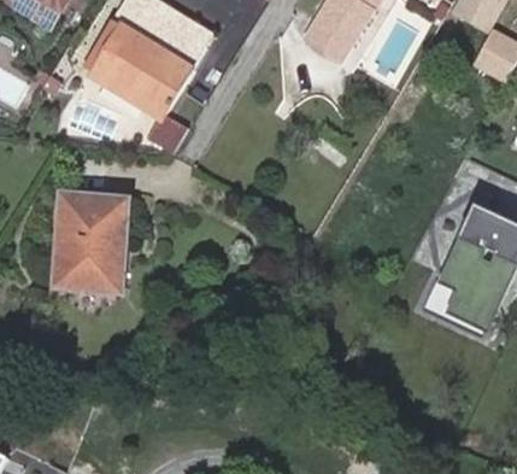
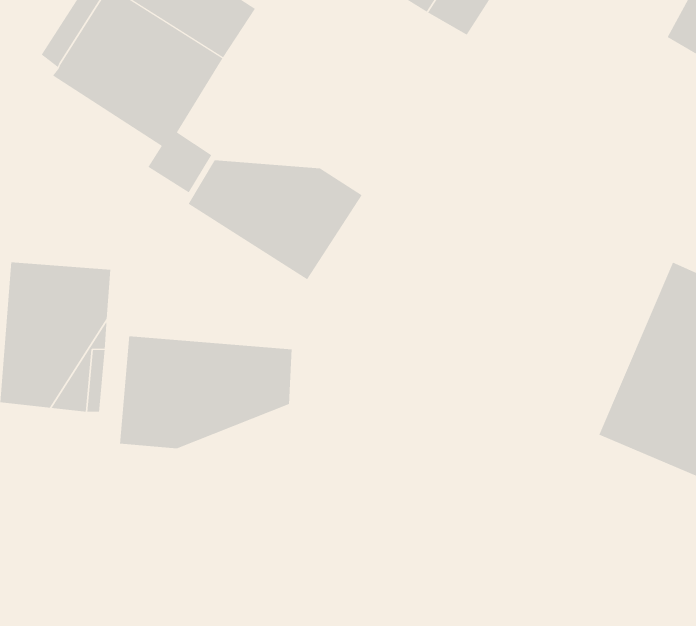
building: none -> [188,160,362,280]
building: none -> [119,336,292,449]

